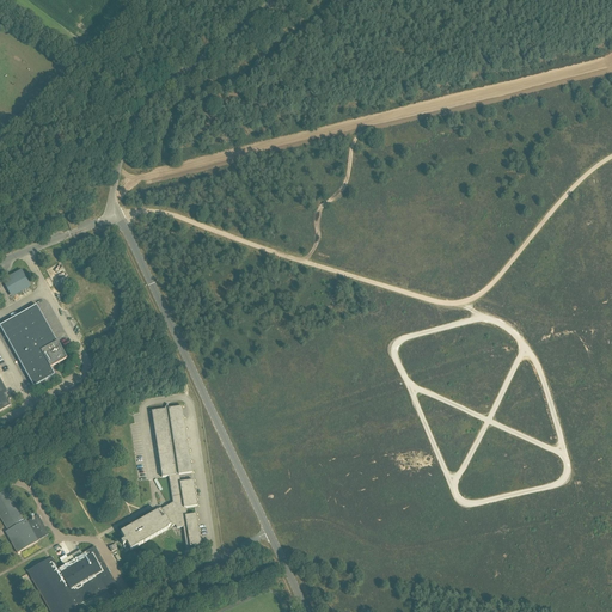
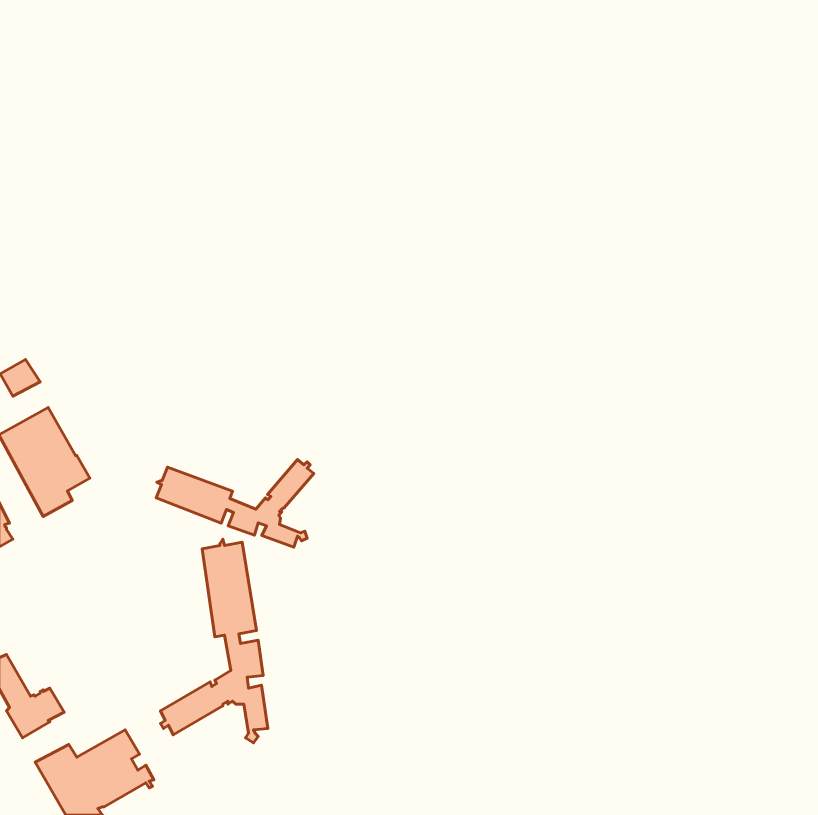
building: none -> [156,460,314,547]

